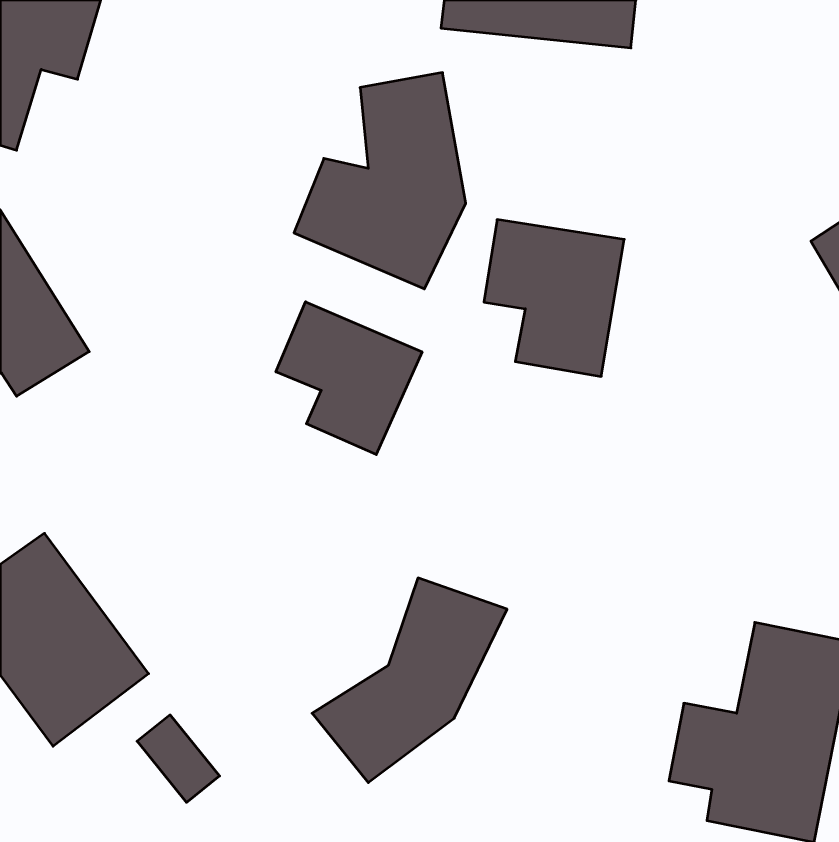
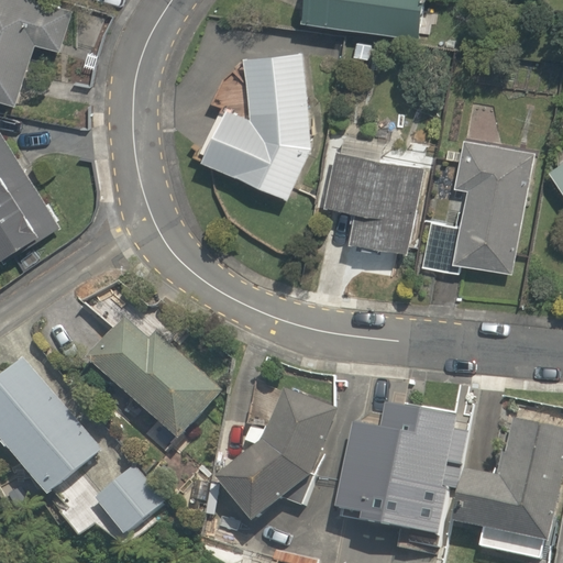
building: none -> [421,139,538,276]
building: [276,302,422,455] -> none
building: none -> [88,320,219,440]
building: none -> [344,412,451,539]

